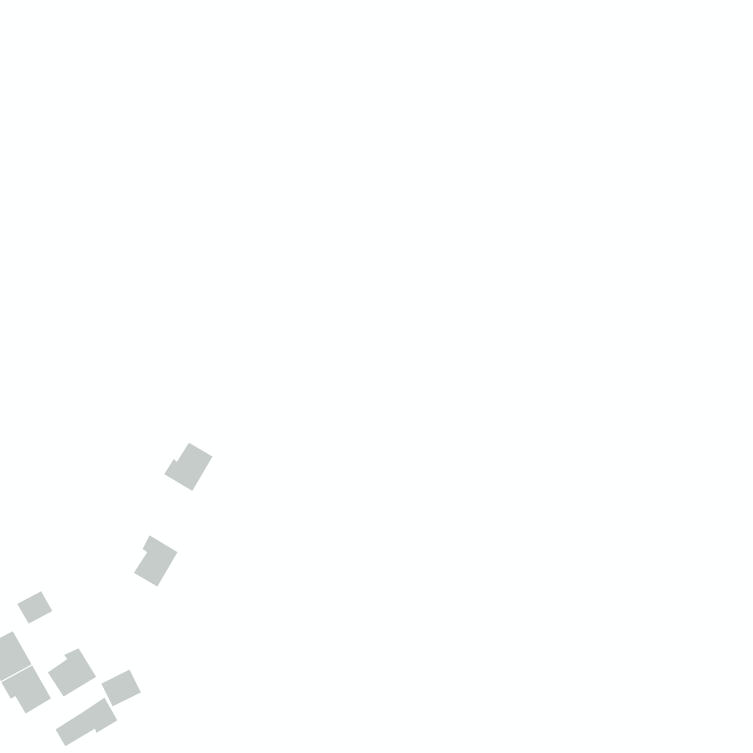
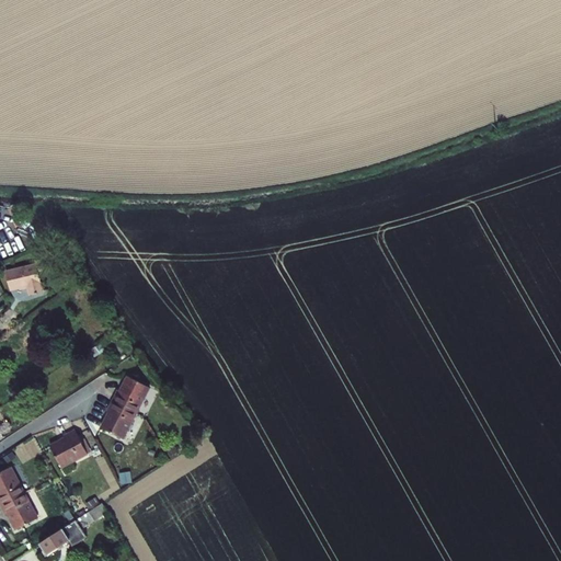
building: none -> [5,265,43,296]
building: [163,442,213,492] -> [111,374,148,411]
building: [47,647,97,698] -> [50,430,88,467]

